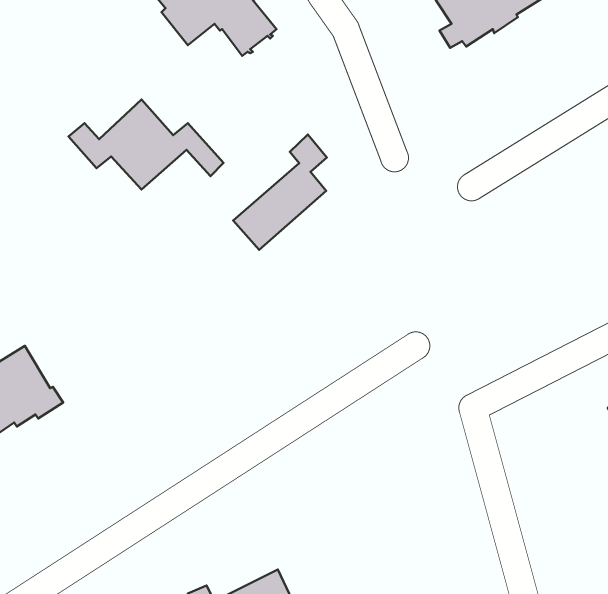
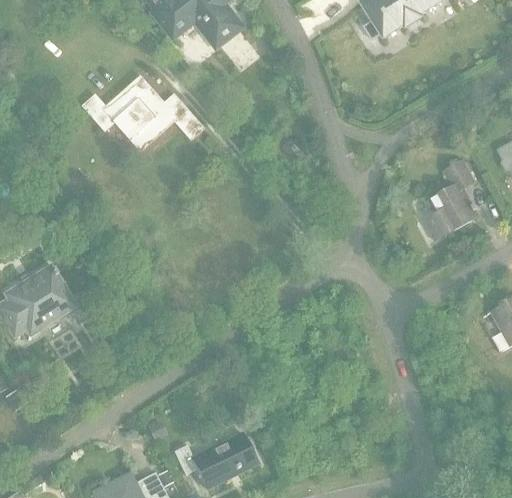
building: [233,135,327,250] -> none
building: none -> [424,160,479,241]

